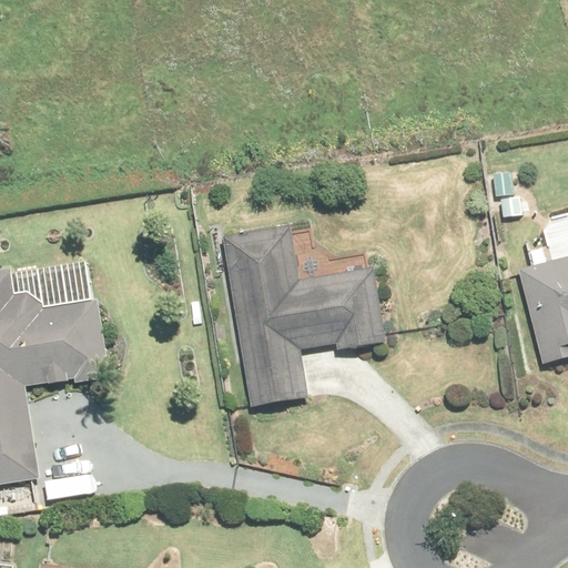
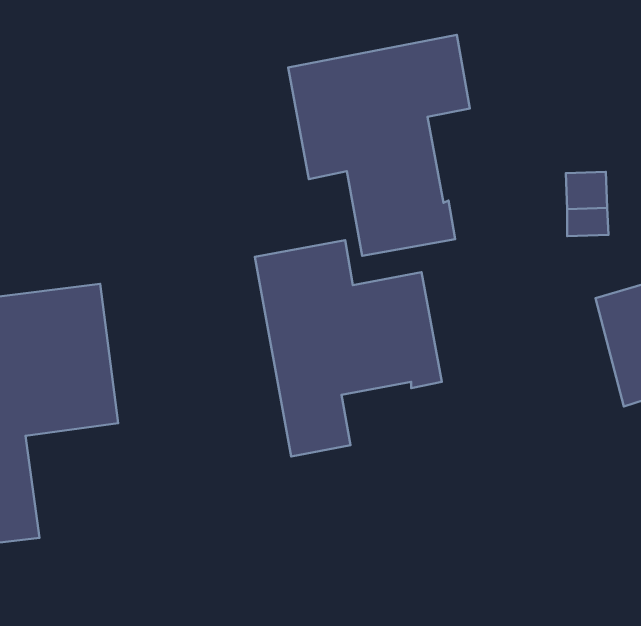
building: none -> [288,35,470,256]

